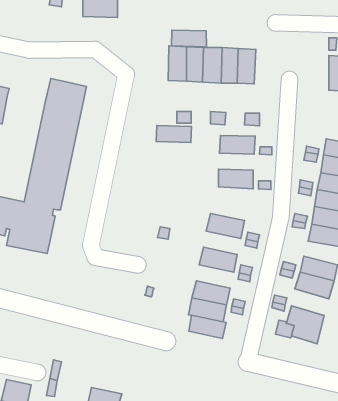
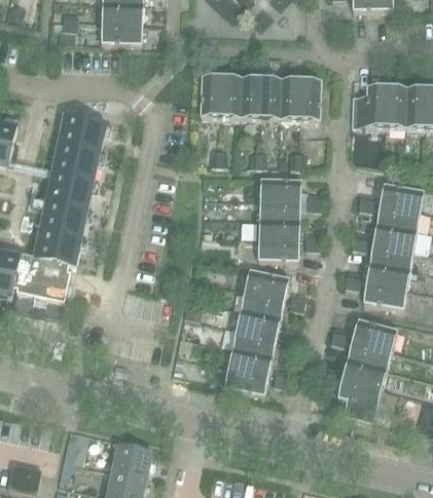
building: [171,30,207,47] -> none
building: none -> [300,78,321,119]
building: none -> [352,85,387,125]
building: [156,126,192,142] -> [259,198,300,218]
building: none -> [258,237,299,259]
building: none -> [242,289,285,315]
building: none -> [344,355,387,386]
building: [189,315,226,338] -> [233,328,277,354]
building: none -> [112,442,153,476]

